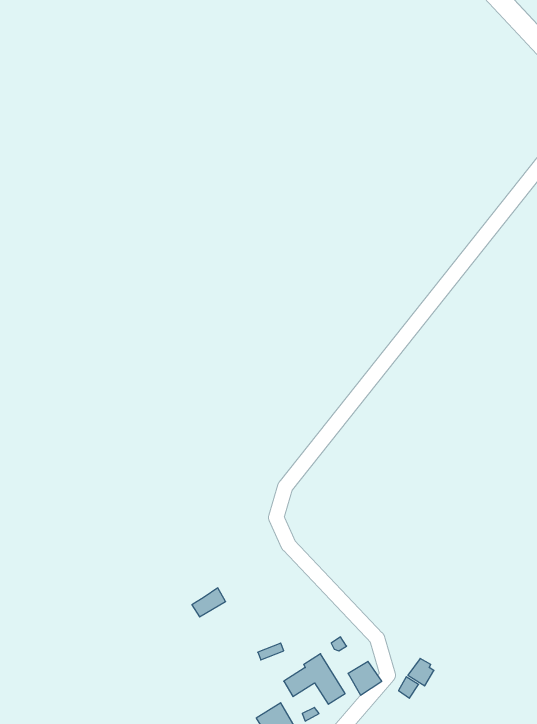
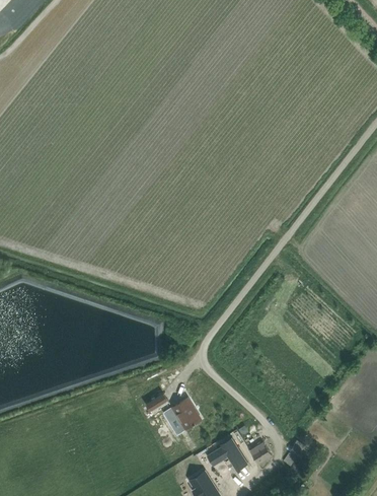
building: none -> [171,400,198,430]

